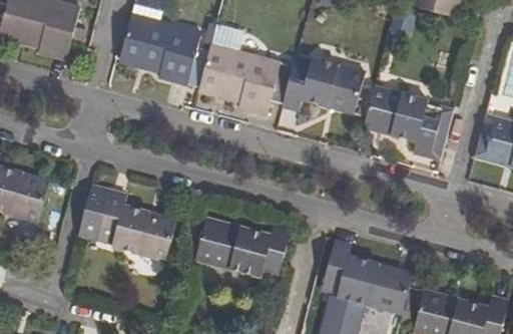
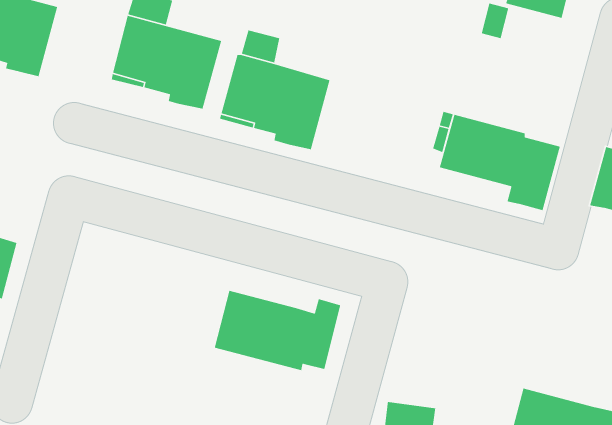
building: [281,55,365,112] -> none
building: [77,185,177,262] -> none
building: [322,243,414,312] -> none

